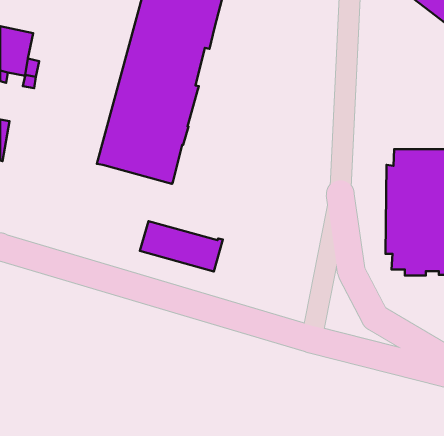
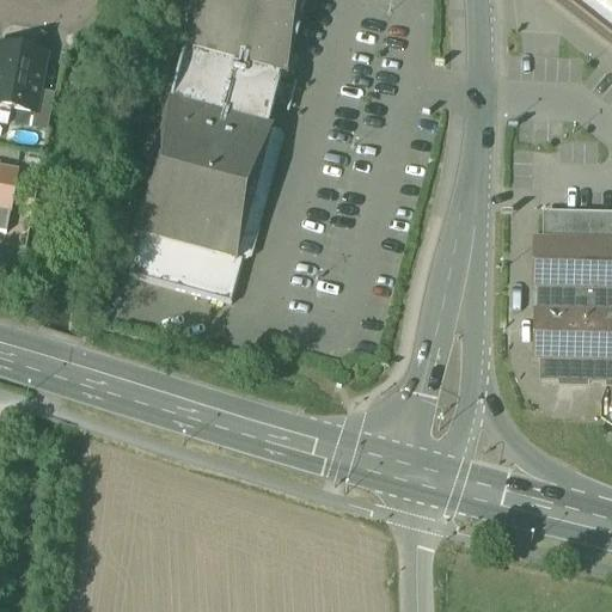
building: [140,221,223,272] -> [131,226,245,295]

